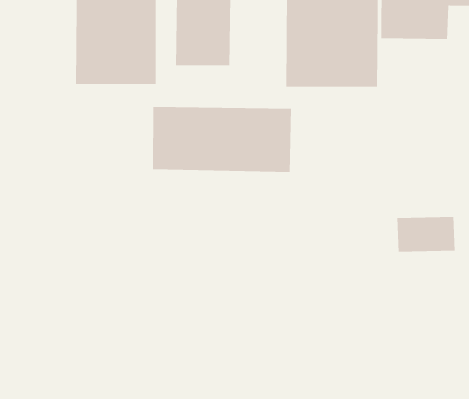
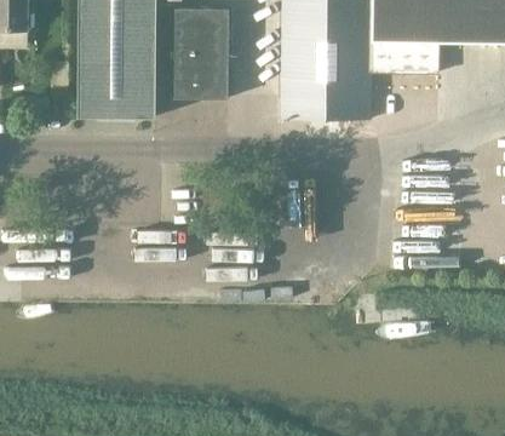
building: [152,106,292,173] -> none

